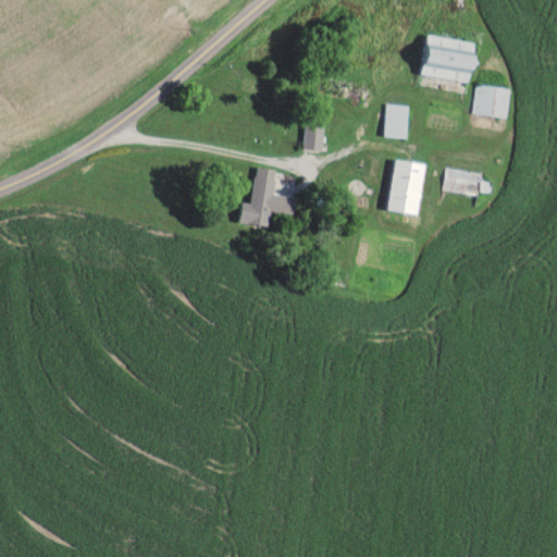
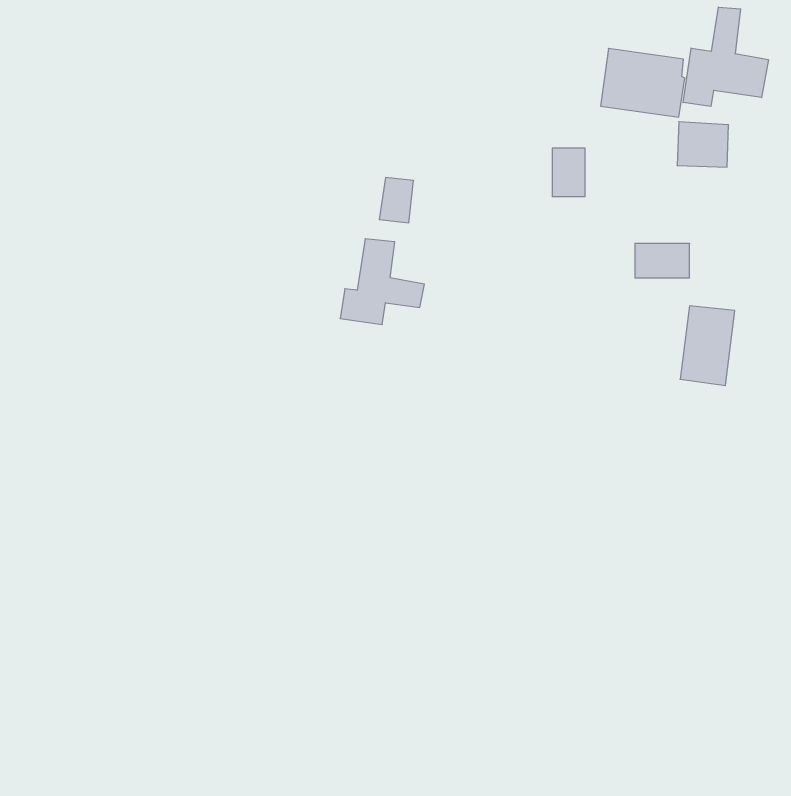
building: none -> [683,7,768,106]
building: [301,120,325,151] -> [379,177,414,223]
building: [388,160,426,215] -> [680,306,735,386]

